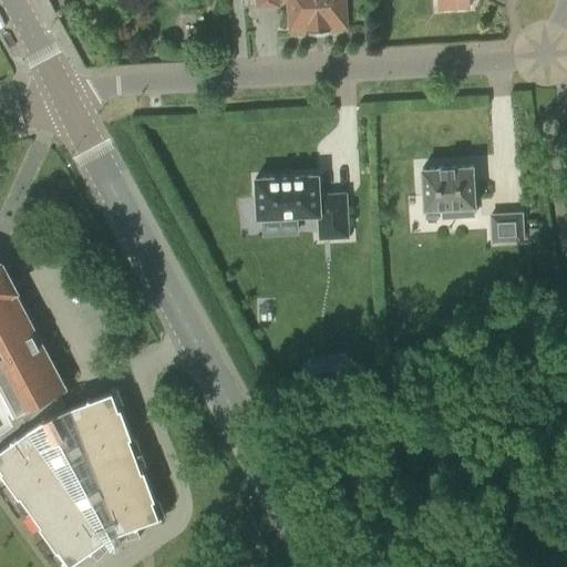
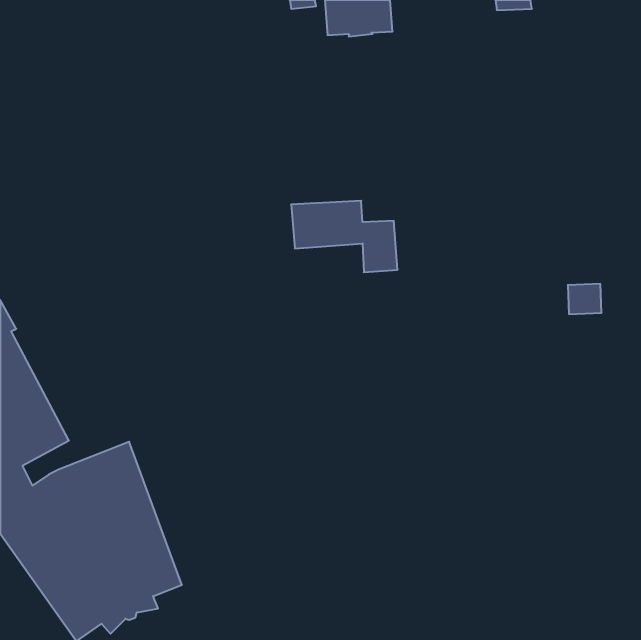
building: [422,168,473,217] -> none
building: [491,215,520,241] -> [568,284,602,314]

